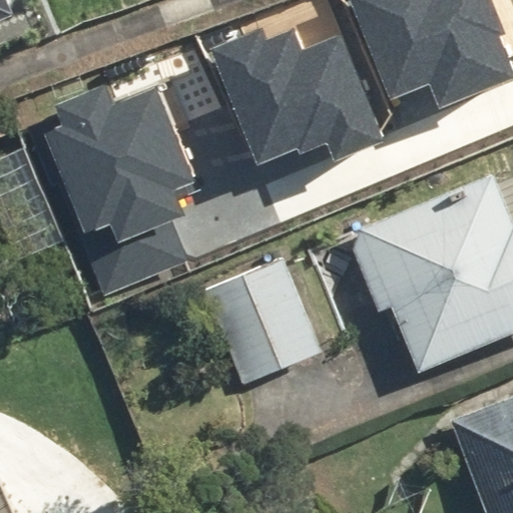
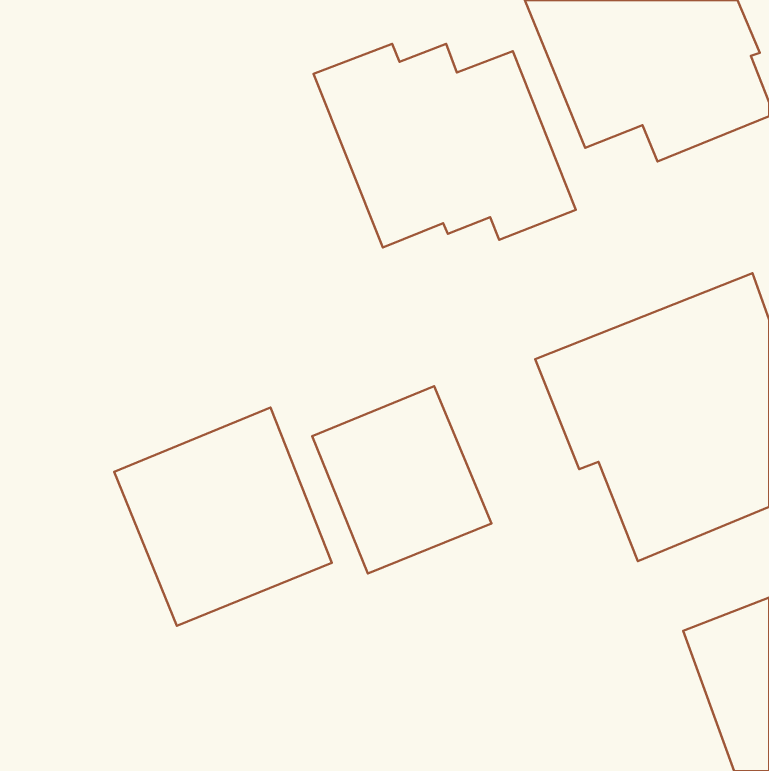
building: [43,85,196,296] -> none
building: none -> [114,407,332,626]

